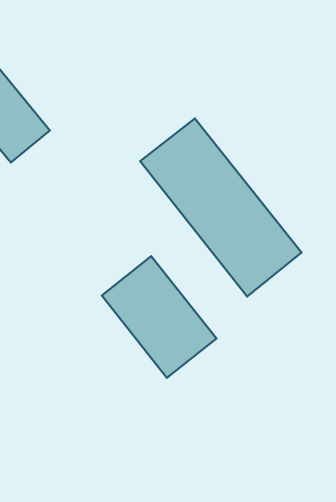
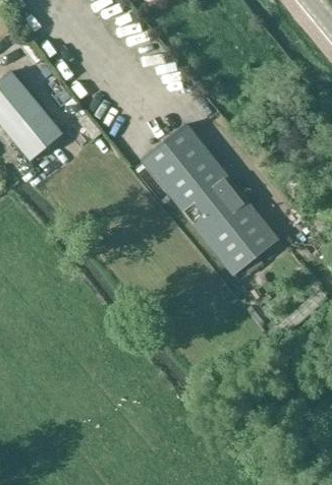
building: [102,256,216,378] -> none

